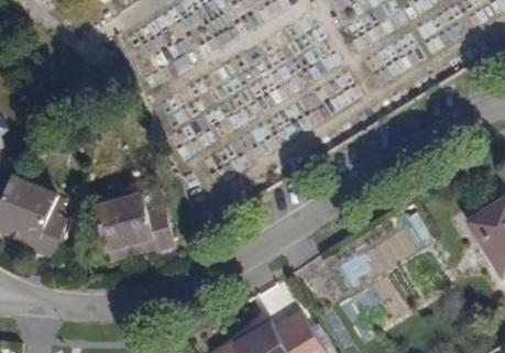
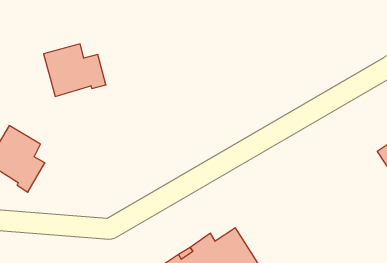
building: [90,200,167,265] -> [44,44,106,96]

